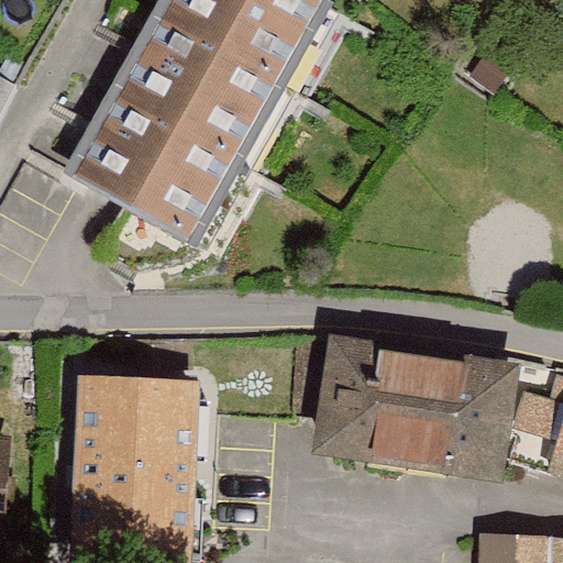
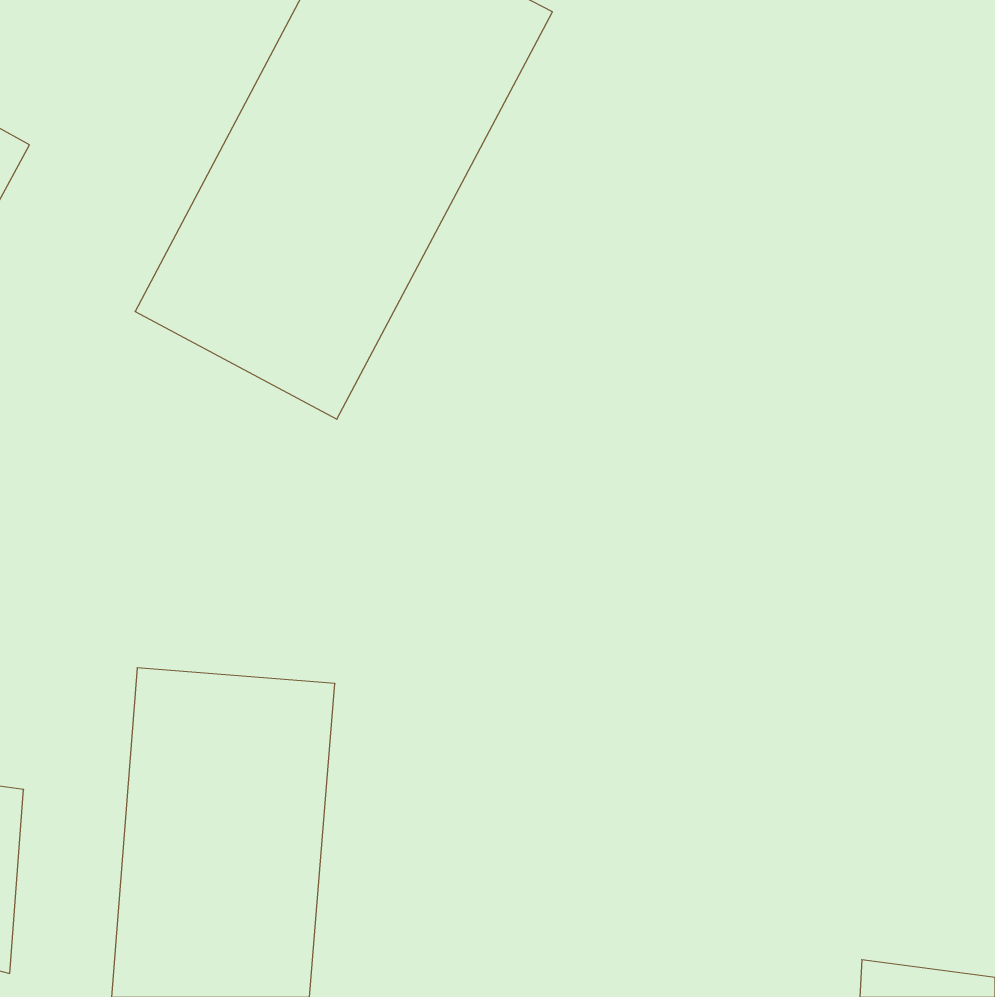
building: [324,336,526,475] -> none

